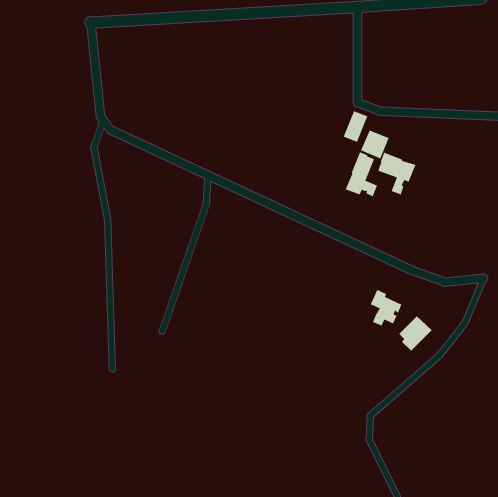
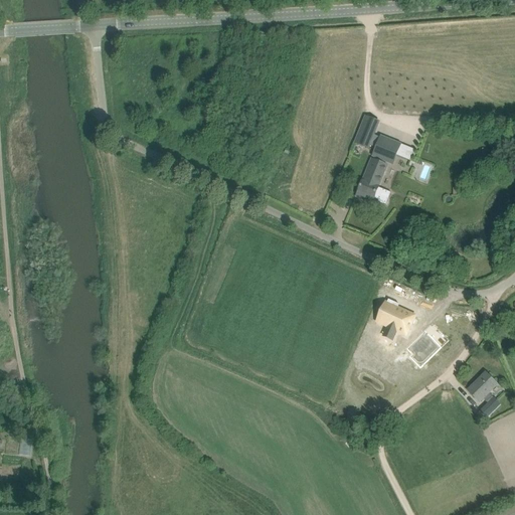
building: [378,152,416,195] -> none
building: none -> [467,371,499,417]

